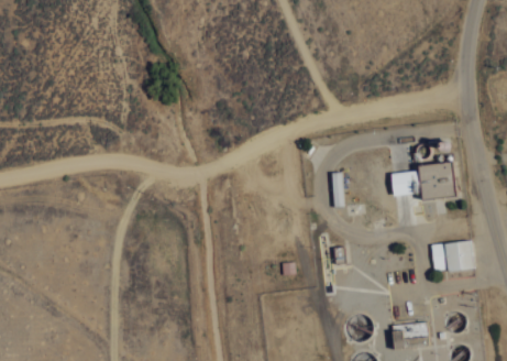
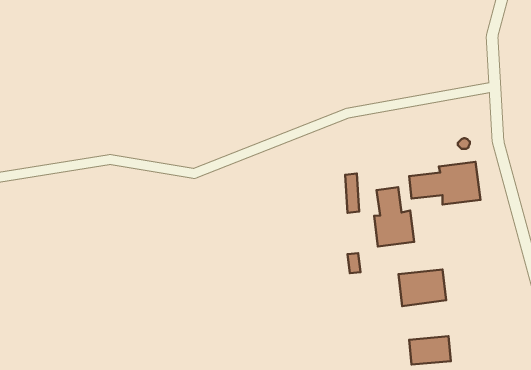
building: none -> [374,187,414,246]
building: [429,240,473,274] -> [399,269,446,306]

